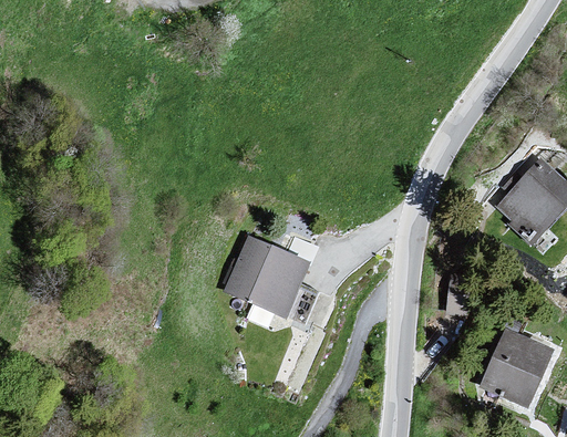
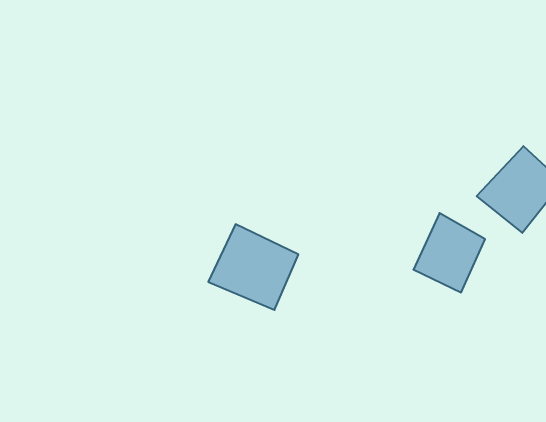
building: [482,327,555,408] -> [413,213,485,292]

